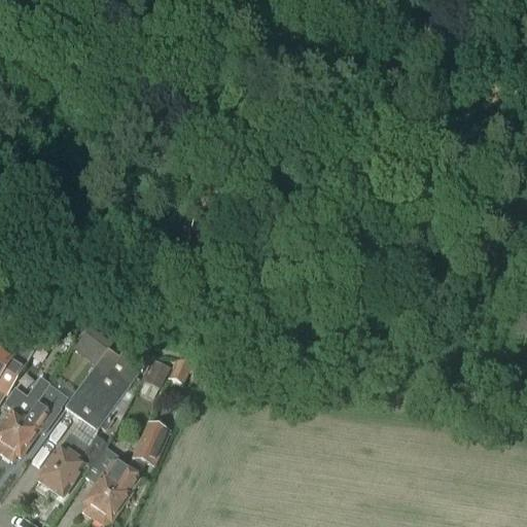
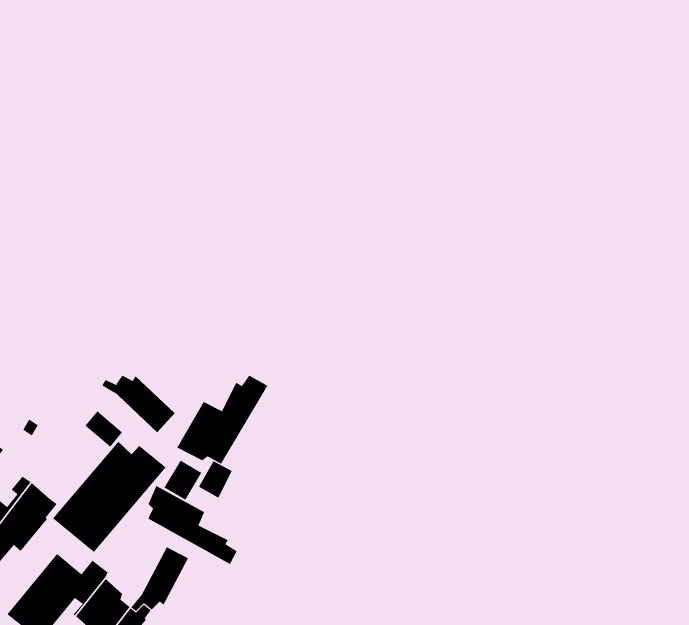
building: none -> [177,375,268,465]
building: none -> [102,375,176,433]
building: none -> [147,485,237,565]

